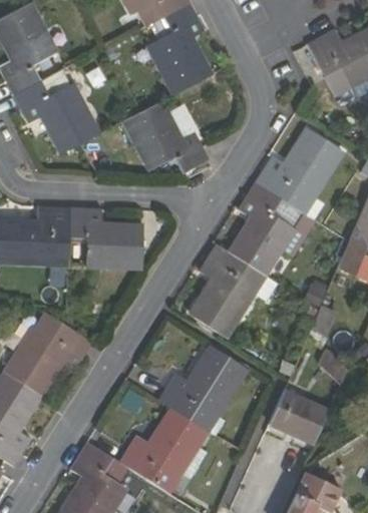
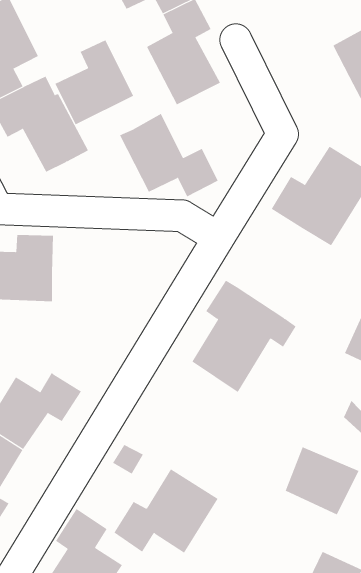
building: none -> [54,40,134,125]
building: [227,183,298,278] -> none
building: [68,206,143,267] -> none
building: [159,345,249,433] -> none

